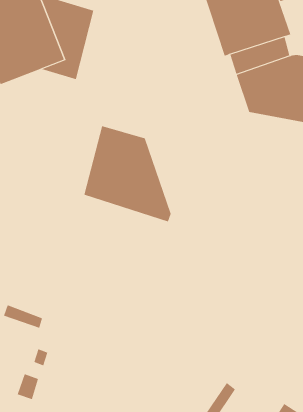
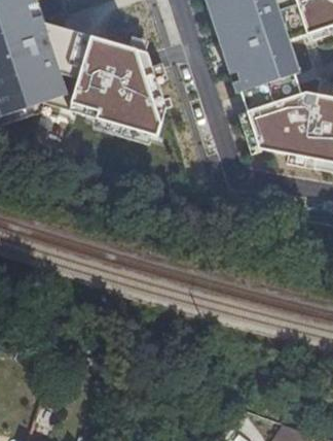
building: [84,126,172,222] -> [89,45,176,140]

